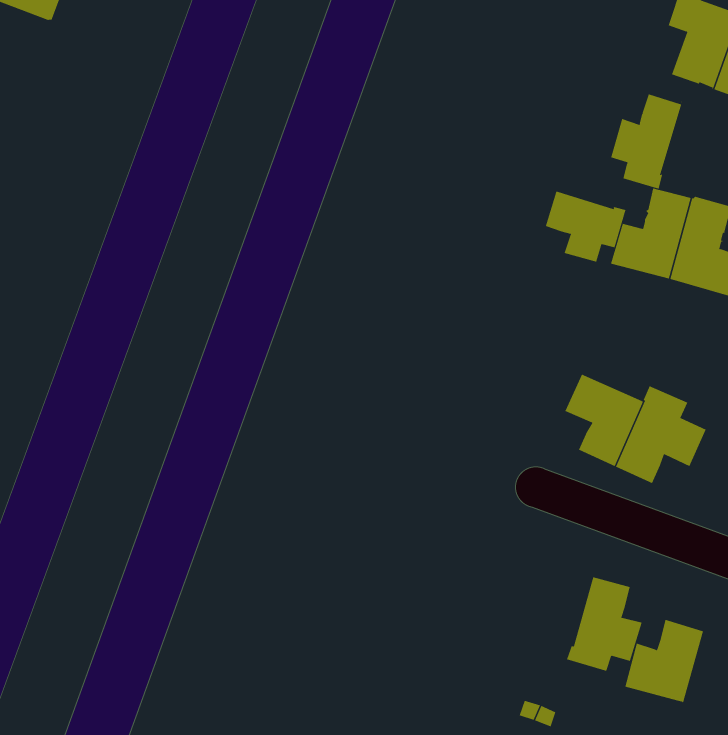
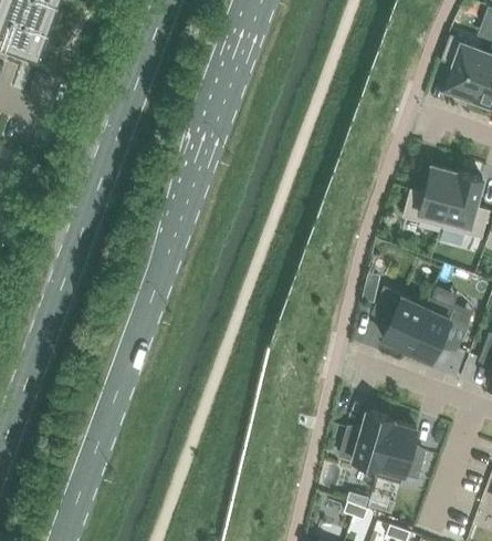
building: [611,93,683,189] -> none
building: [545,190,626,263] -> none
building: [624,619,704,704] -> [342,413,394,468]

